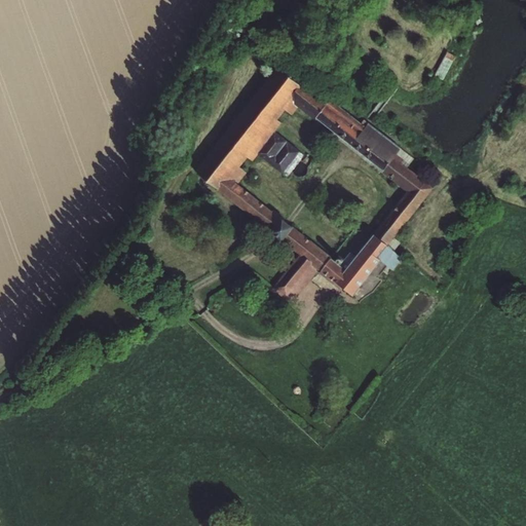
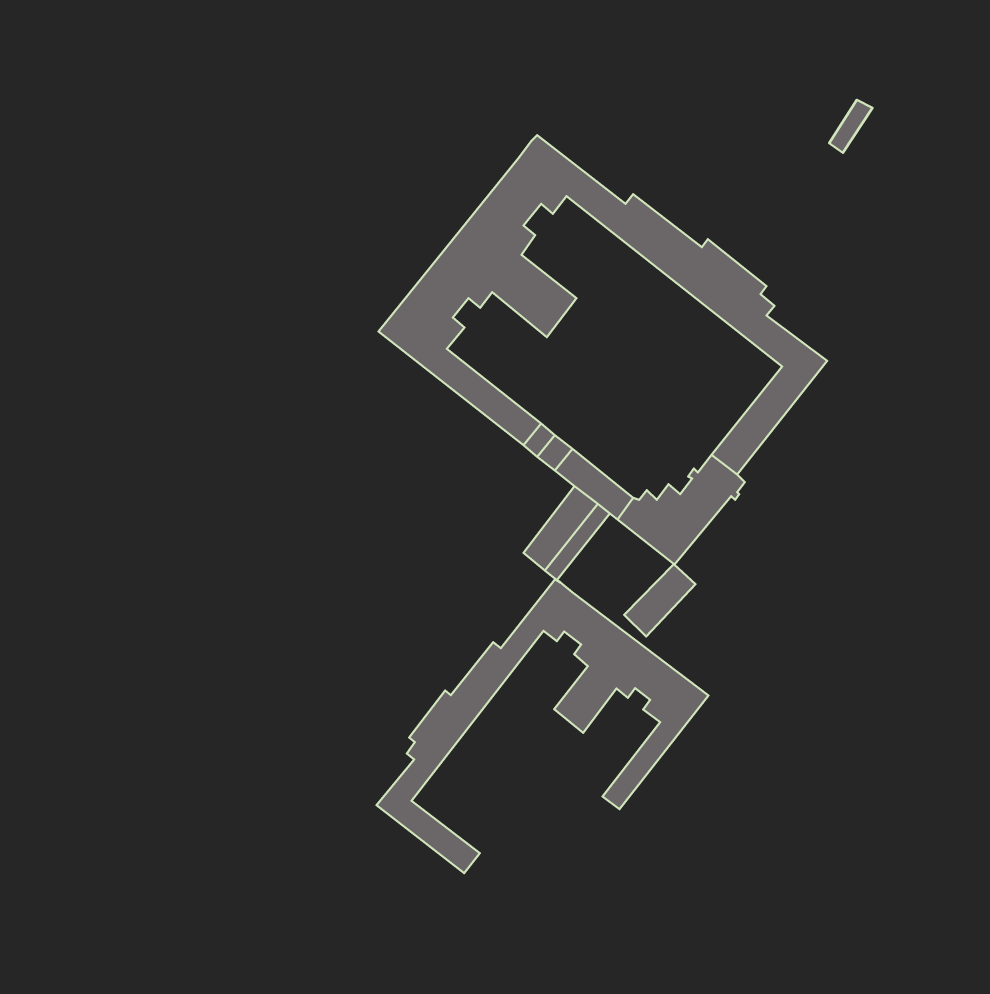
building: none -> [624,564,696,637]
building: none -> [377,579,709,873]

